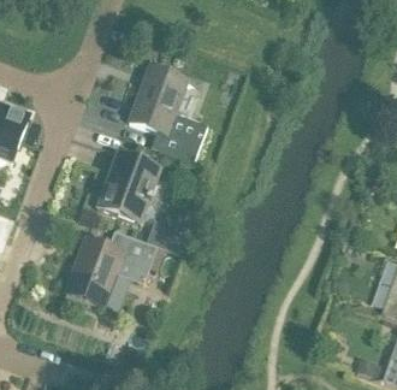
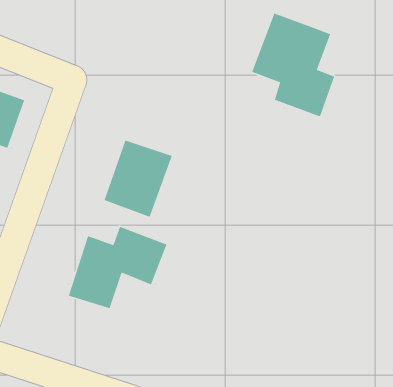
building: [130,66,206,161] -> [251,13,335,117]

